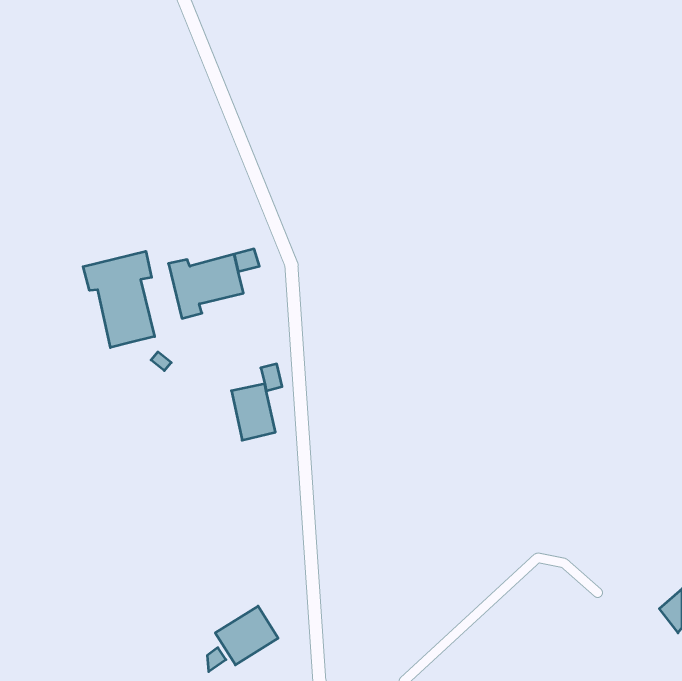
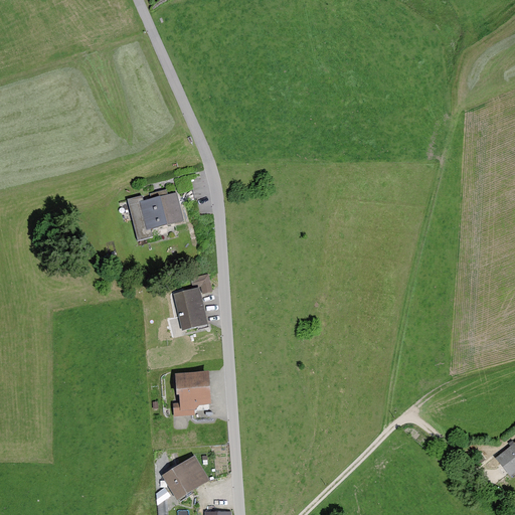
building: [83,251,155,348] -> none
building: none -> [173,372,210,414]

